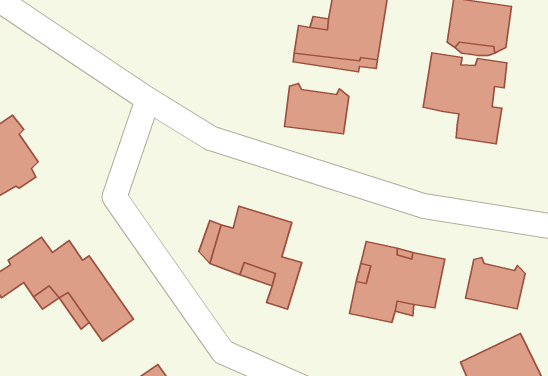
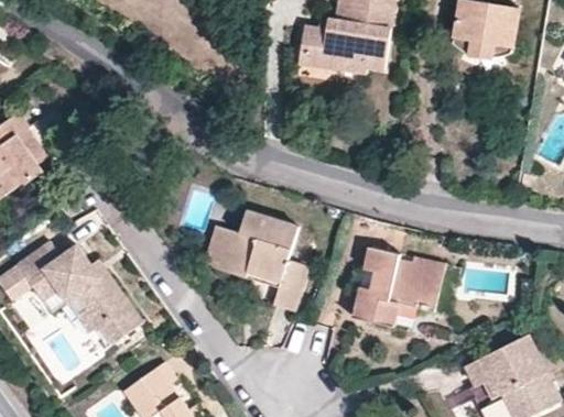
building: [423,53,507,144] -> none
building: [284,83,349,134] -> none
building: [466,257,525,309] -> none

